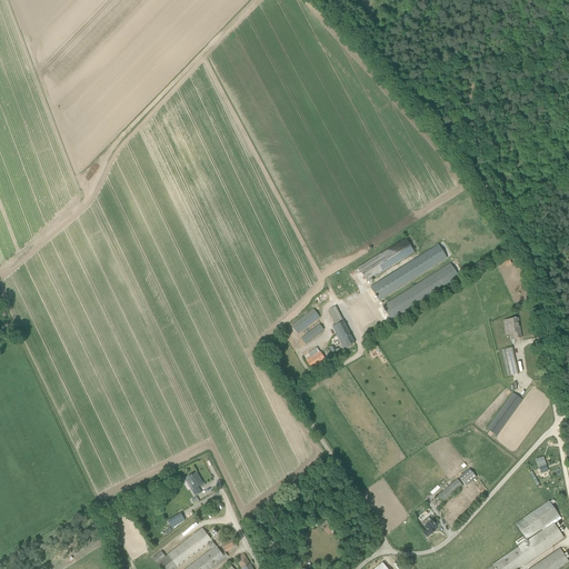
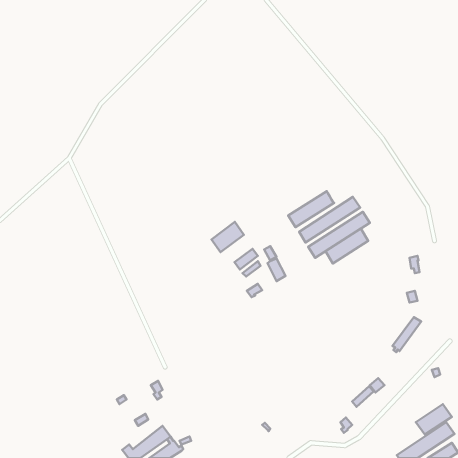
building: none -> [211,222,244,252]
building: none -> [326,228,368,264]

